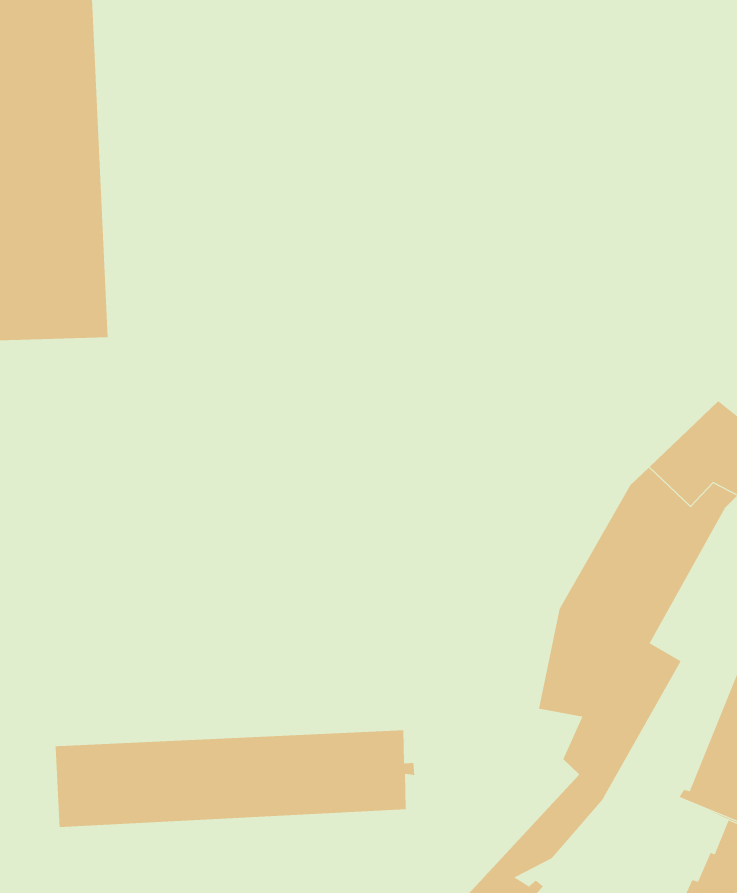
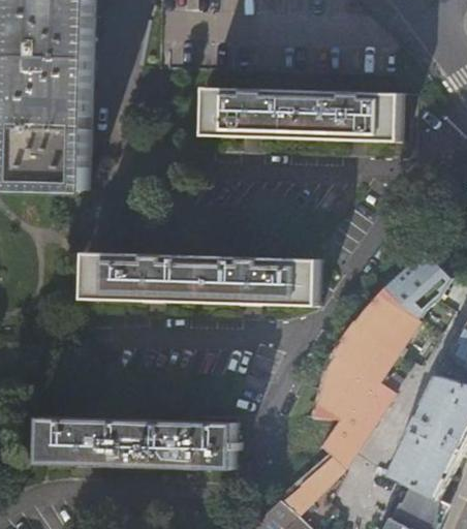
building: none -> [205,89,402,142]
building: none -> [85,254,320,309]

